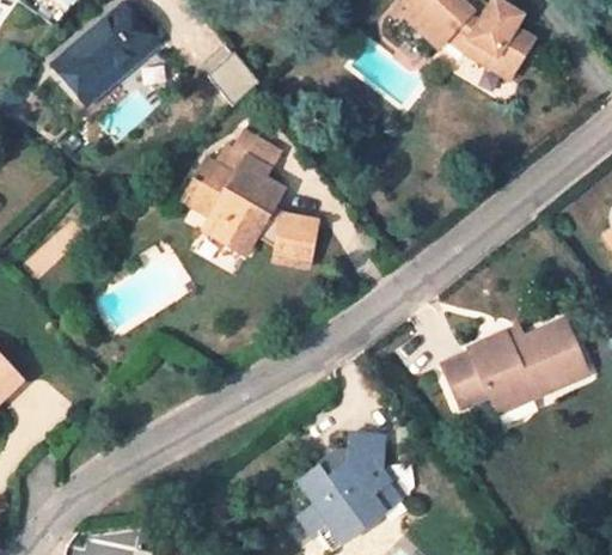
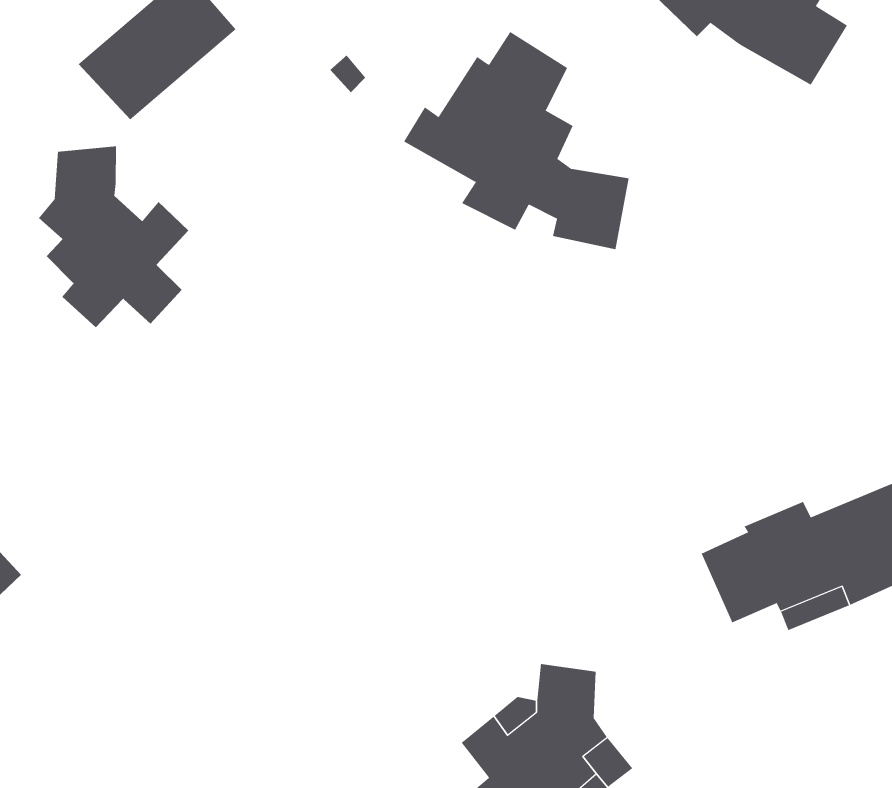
building: none -> [38,146,189,328]
building: [179,129,319,264] -> [403,31,630,250]

